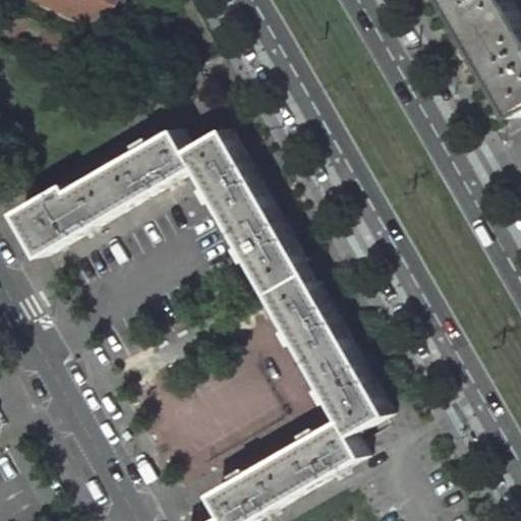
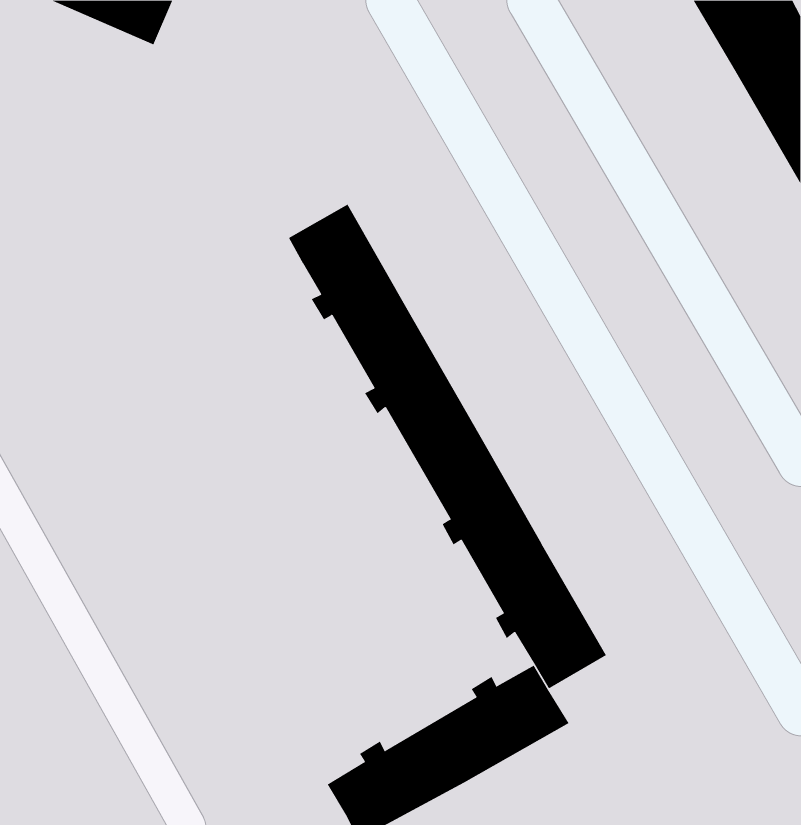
building: [8,129,190,257] -> none

